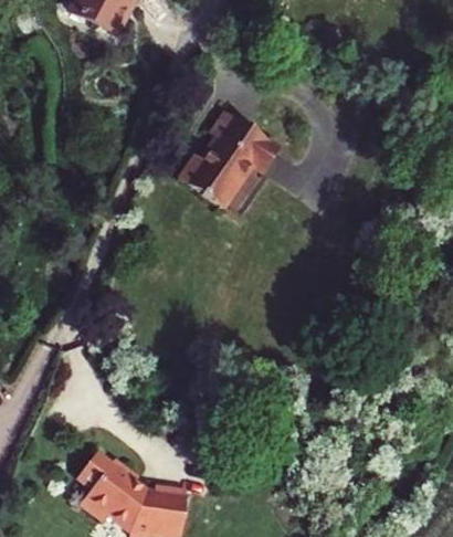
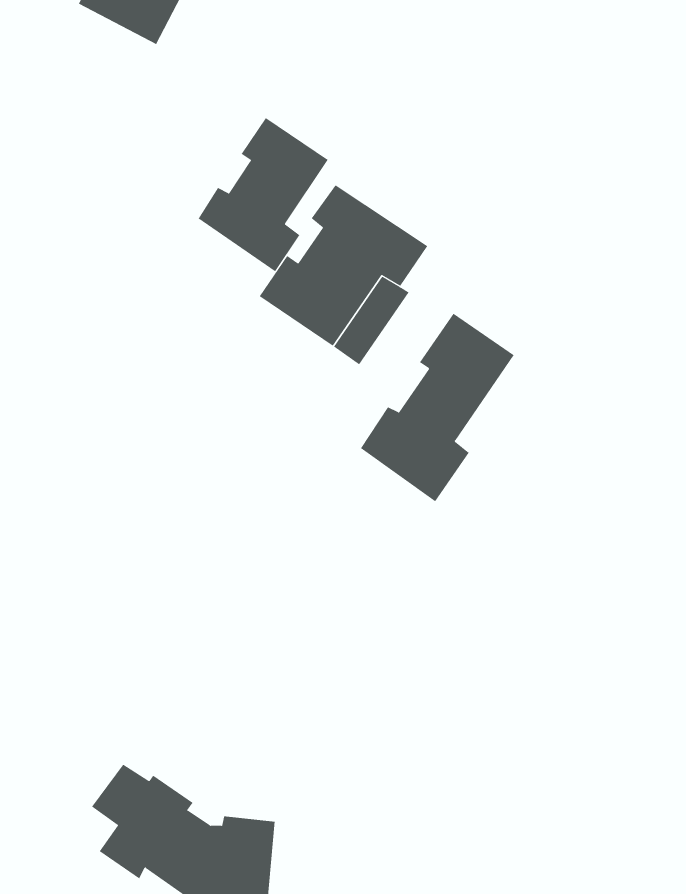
building: none -> [198,117,329,272]
building: none -> [360,313,515,502]

